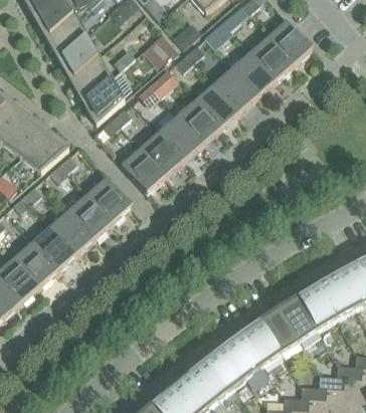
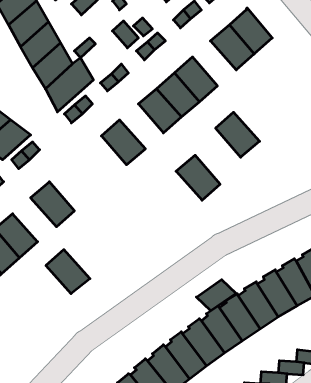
building: [231,52,276,97] -> [216,112,260,157]
building: [158,116,202,161] -> [176,155,220,200]
building: [121,148,165,193] -> none
building: [87,177,131,223] -> none
building: [50,210,95,254] -> [46,250,90,294]
building: none -> [196,280,236,311]

